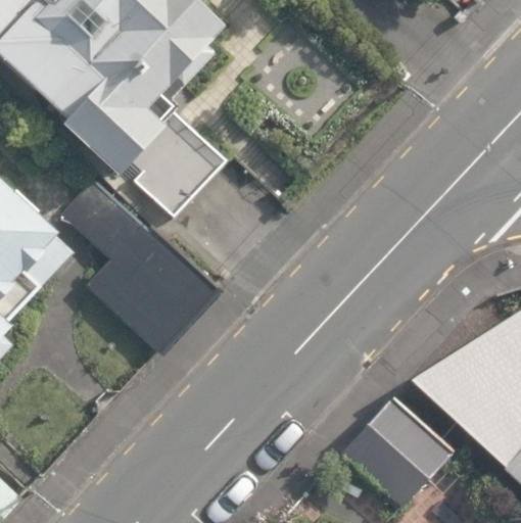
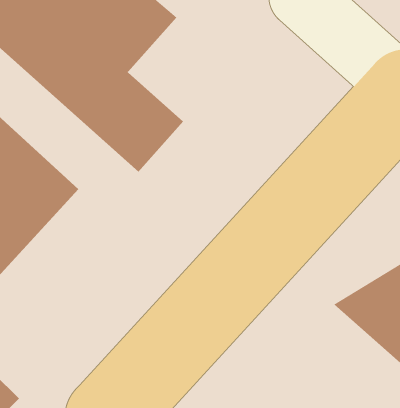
building: [74,215,221,362] -> none
building: [336,391,449,504] -> none

